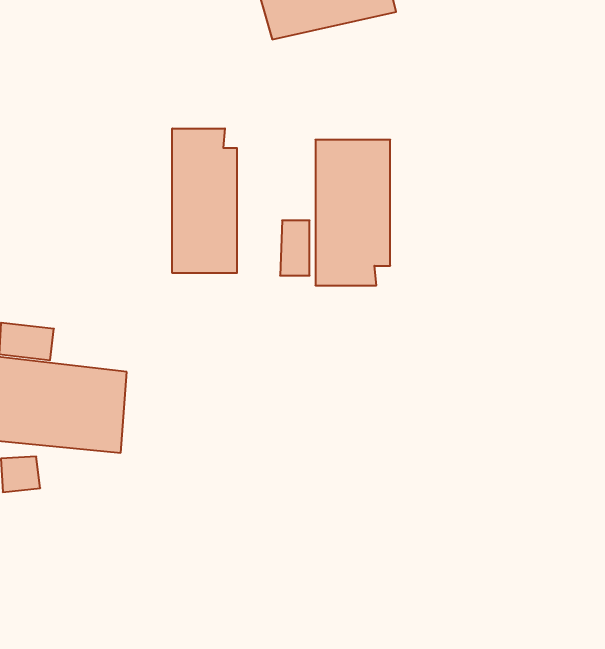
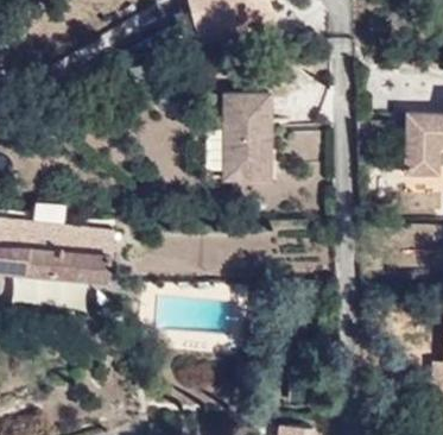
building: [172,128,237,273] -> none

